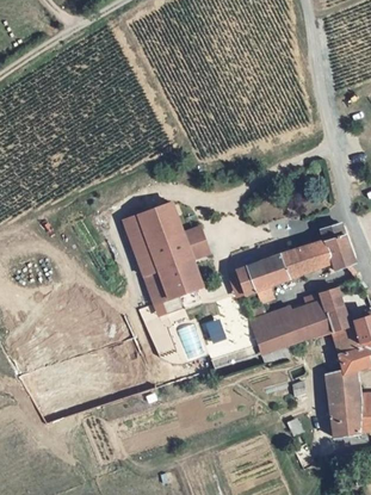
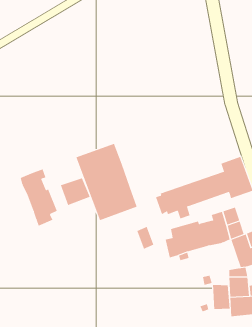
building: [185,224,212,261] -> none
building: none -> [20,168,57,227]
building: none -> [60,178,91,206]
building: none -> [213,284,230,310]

